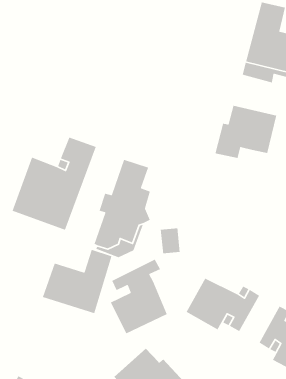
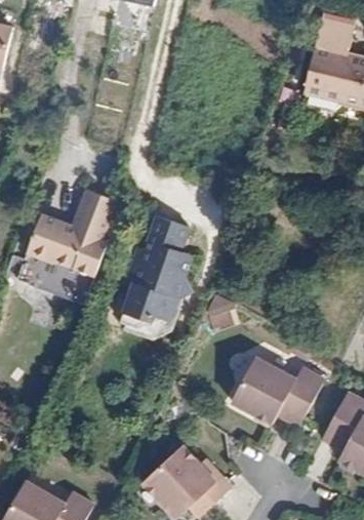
building: [215,105,277,159] -> none
building: [42,249,112,314] -> none
building: [110,259,168,335] -> none

